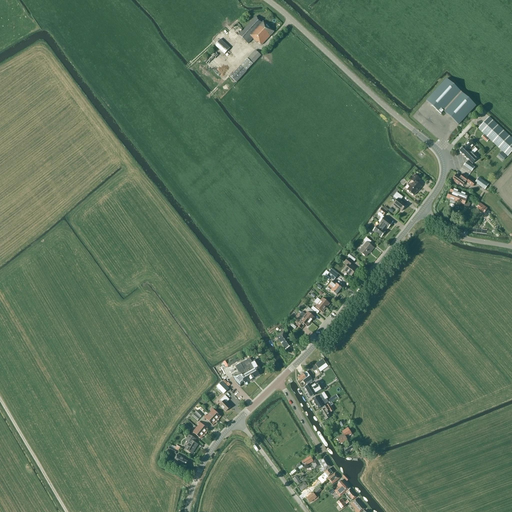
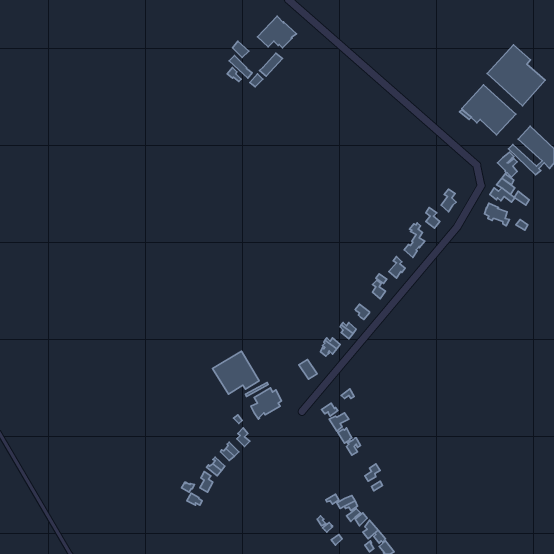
building: none -> [487,45,545,106]
building: none -> [212,351,259,394]

